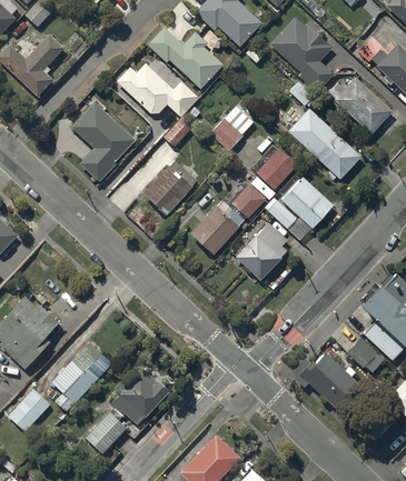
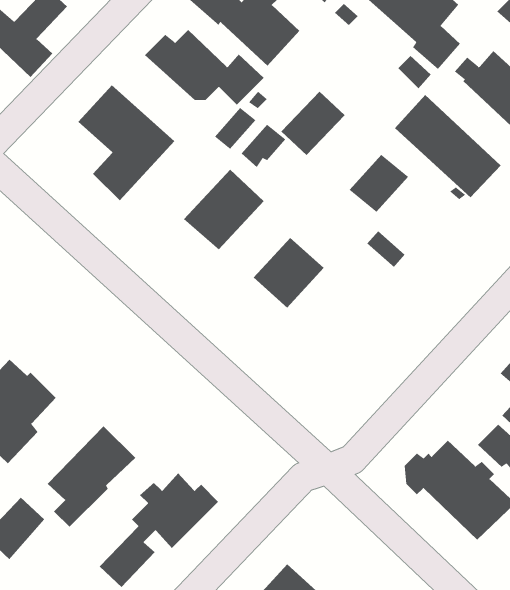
building: none -> [241,124,286,168]
building: [283,181,335,232] -> none
building: [234,187,267,221] -> none
building: [237,224,290,284] -> none

